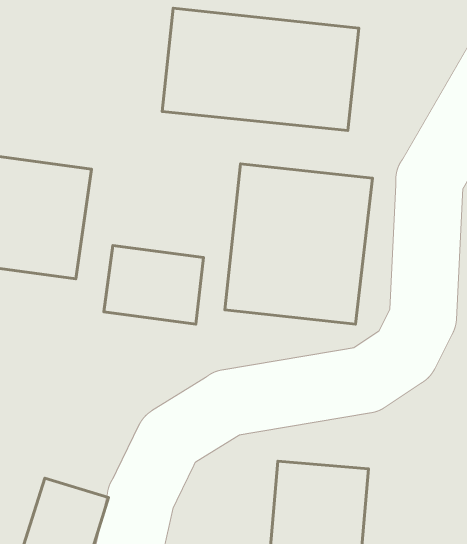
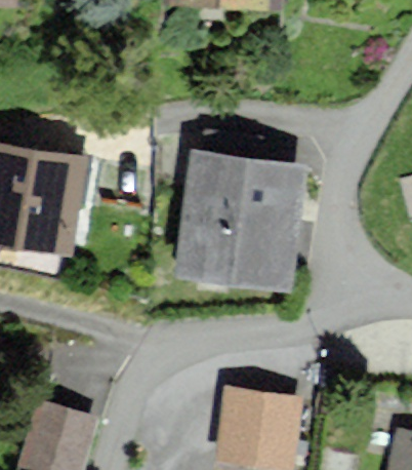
building: [162,8,359,131] -> none
building: [104,246,204,324] -> none

